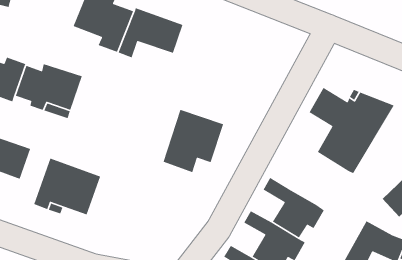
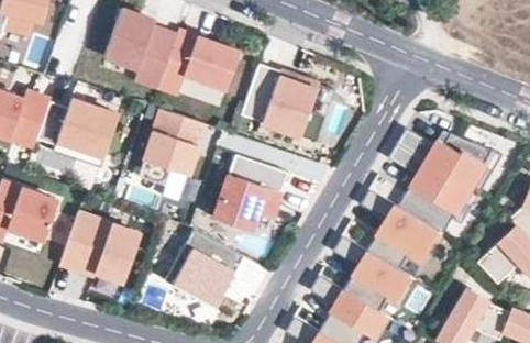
building: none -> [243,64,327,141]
building: none -> [141,109,207,185]
building: none -> [363,189,438,268]
building: none -> [166,229,245,309]

